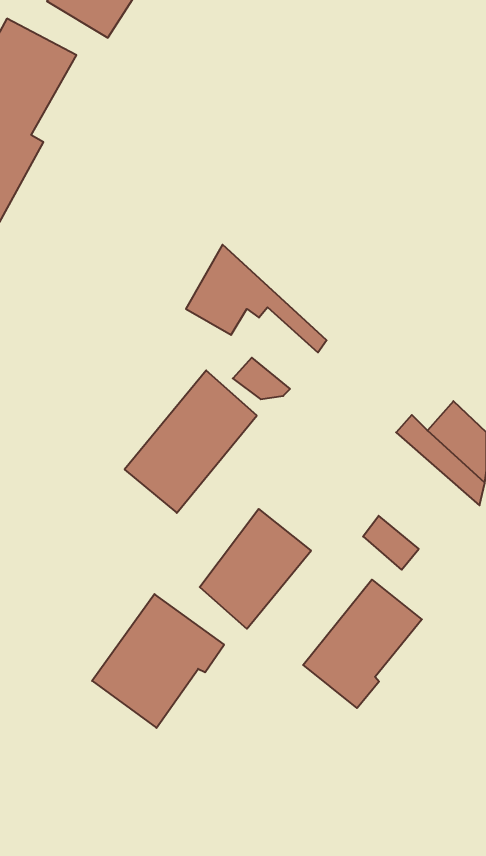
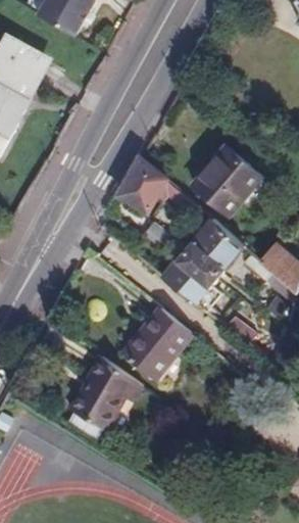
building: none -> [191,155,257,222]
building: [125,370,257,513] -> [162,221,240,304]
building: [303,580,422,708] -> none

